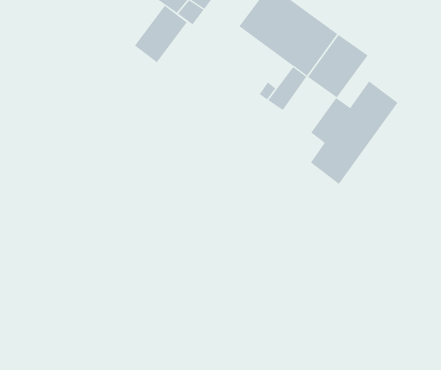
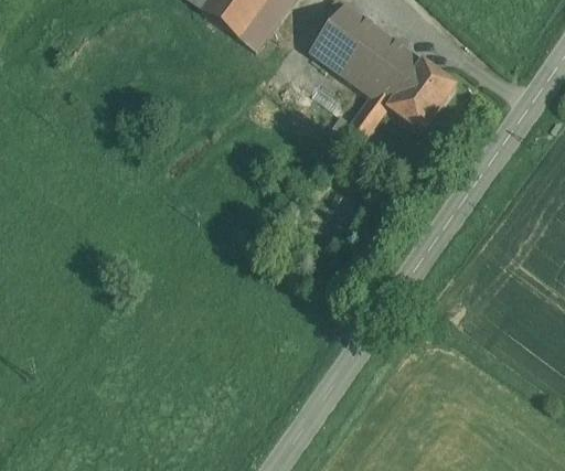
building: [134,5,187,63] -> none
building: [310,80,399,185] -> none

